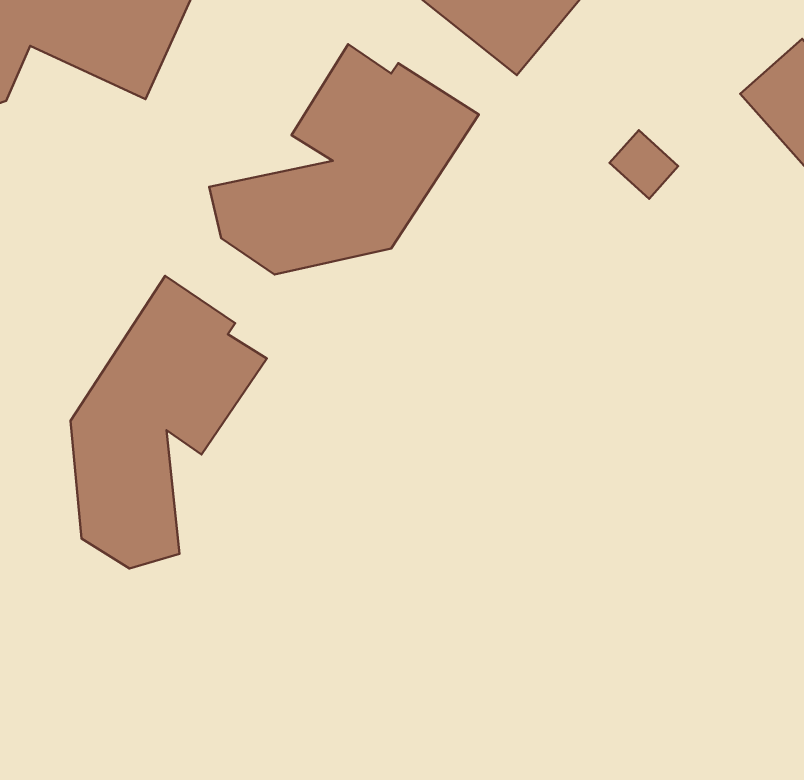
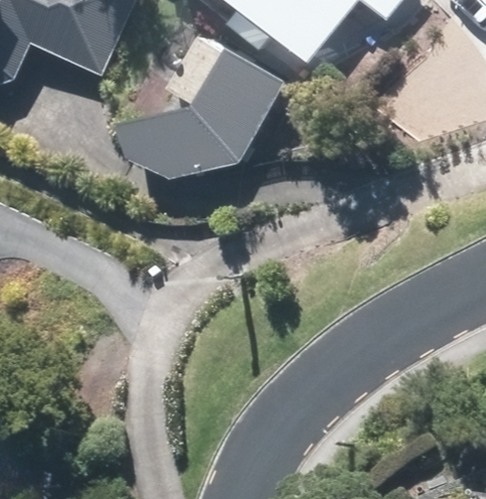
building: [70,276,267,569] -> none

